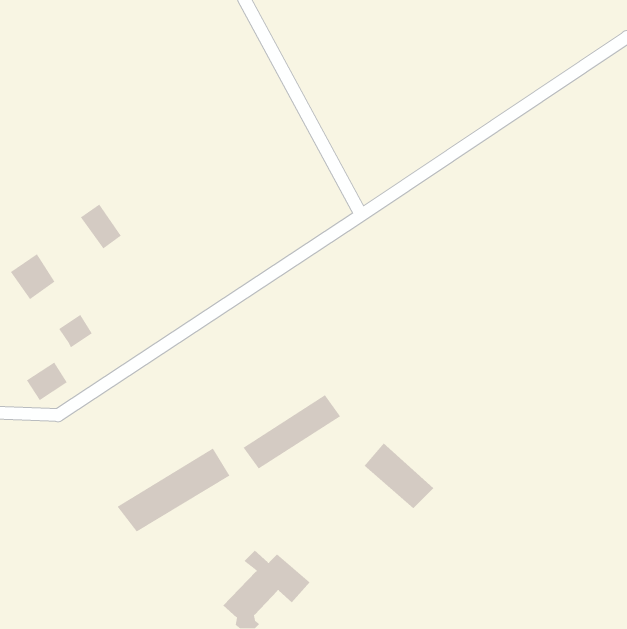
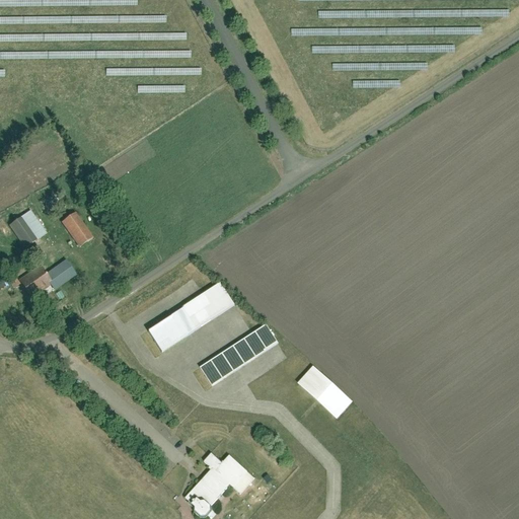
building: [80,204,122,249] -> [60,210,94,247]
building: [26,361,68,401] -> [21,265,56,297]
building: [117,447,230,533] -> [143,281,236,351]

